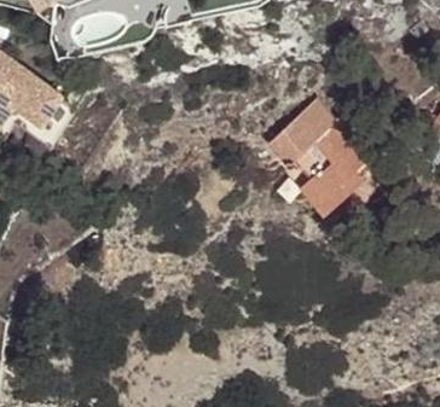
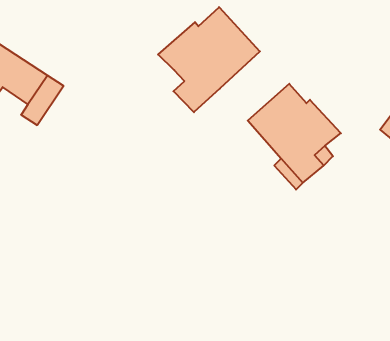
building: none -> [158,7,260,112]

